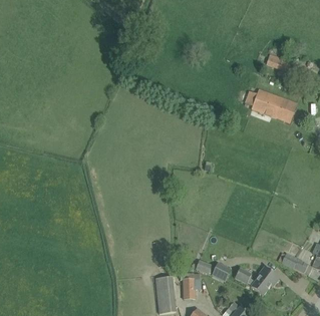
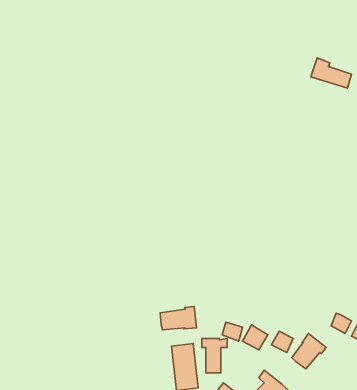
building: [245,89,297,123] -> none
building: none -> [160,306,197,330]

